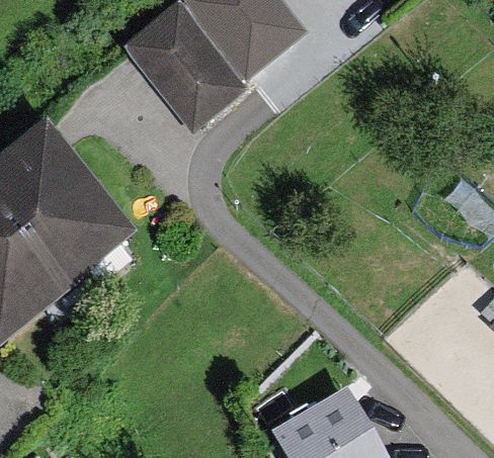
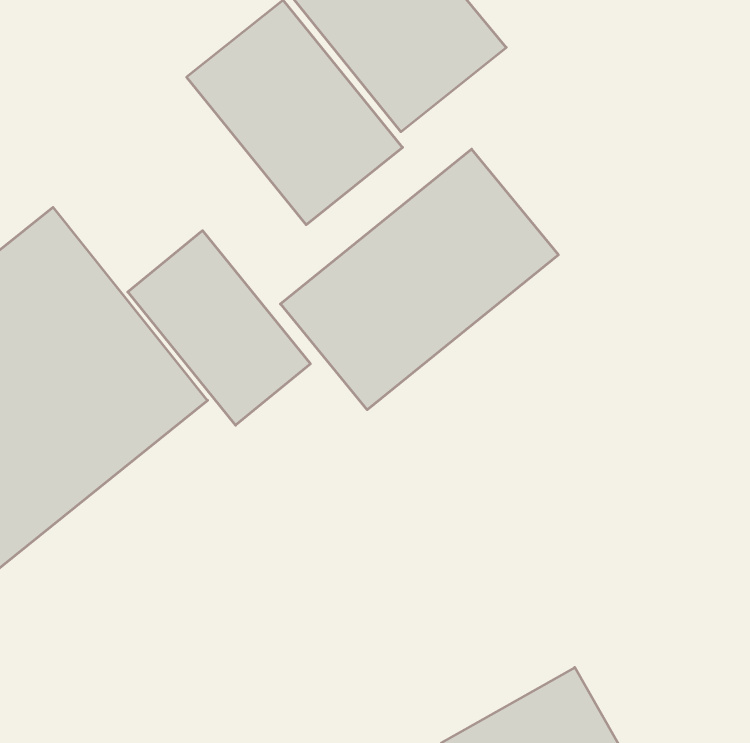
building: none -> [280,149,558,410]
building: none -> [128,231,310,425]

